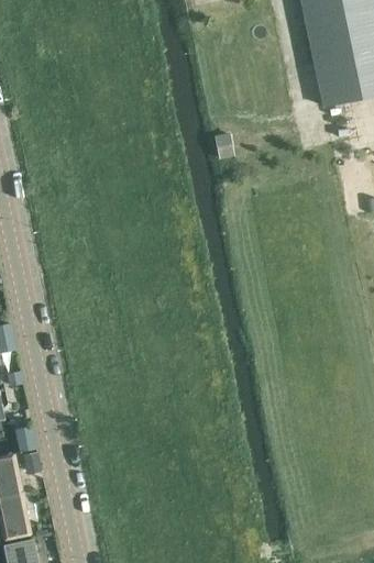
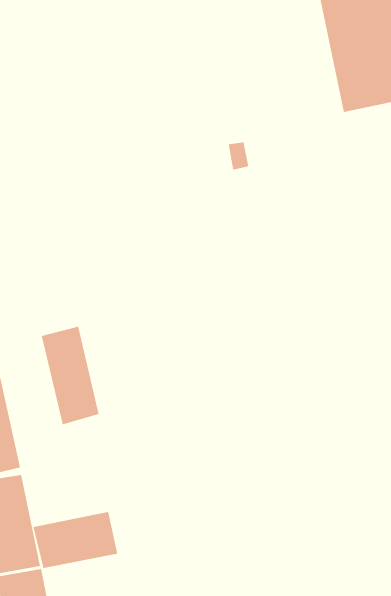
building: none -> [41,326,99,425]
building: none -> [33,511,118,569]

